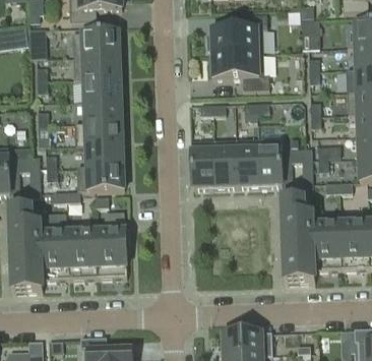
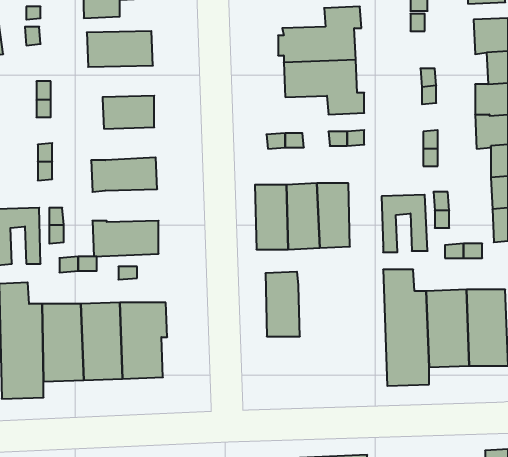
building: [74,56,121,80] -> none
building: [85,100,122,123] -> none
building: [258,138,283,184] -> [265,272,300,336]
building: [86,143,124,167] -> none

